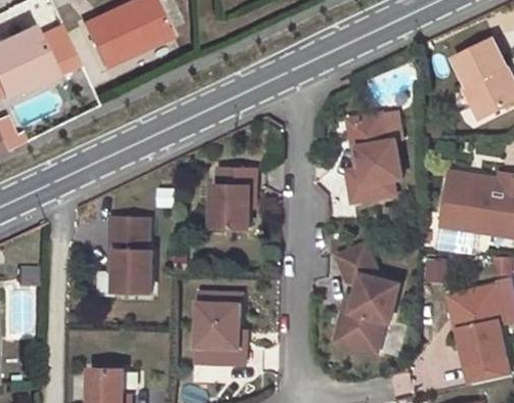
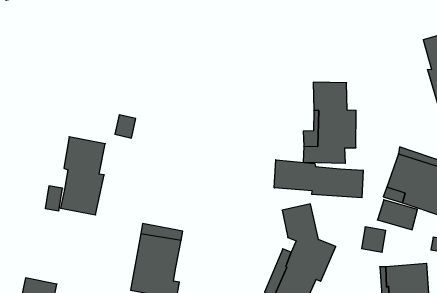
building: [212,170,256,227] -> none
building: none -> [274,160,363,198]

